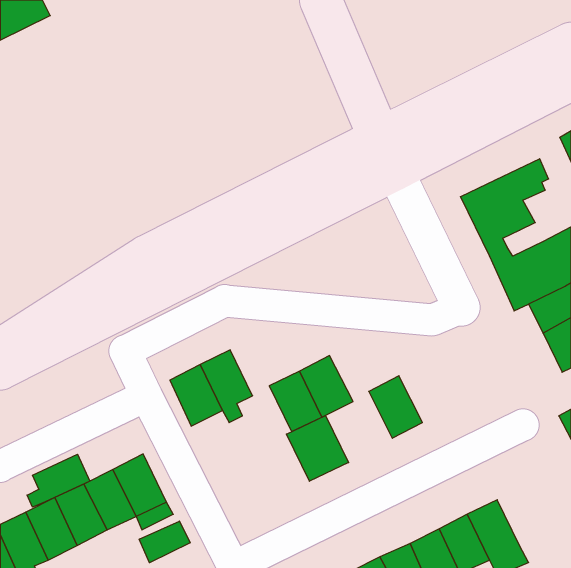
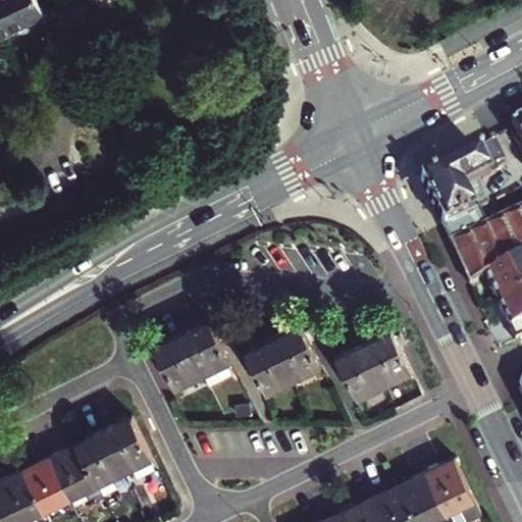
building: none -> [364,332,413,388]
building: [286,415,349,481] -> none
building: [27,454,90,507] -> none
building: [139,521,190,563] -> none

